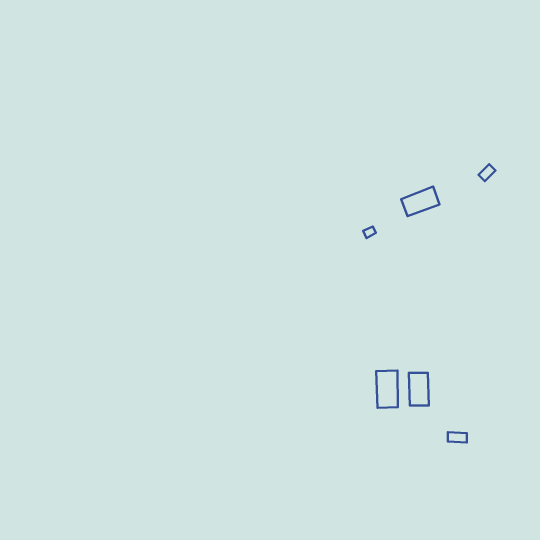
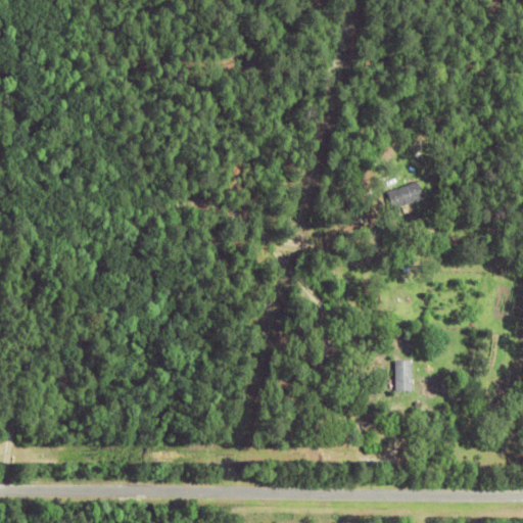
building: [376,370,398,408] -> none

